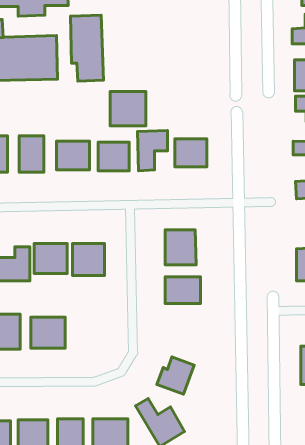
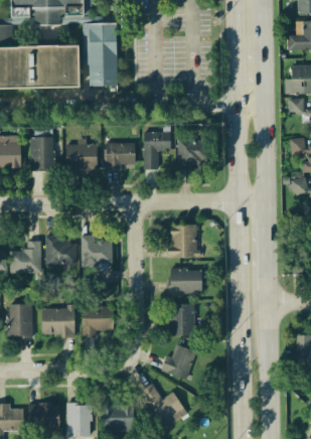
building: [110,92,146,126] -> none
building: none -> [169,304,194,335]
building: none -> [84,306,113,337]

